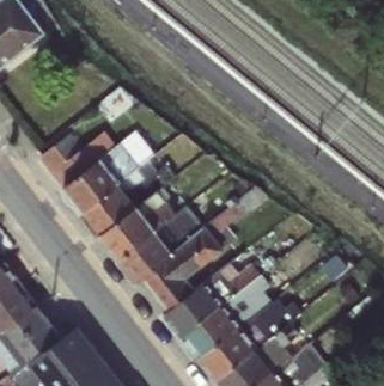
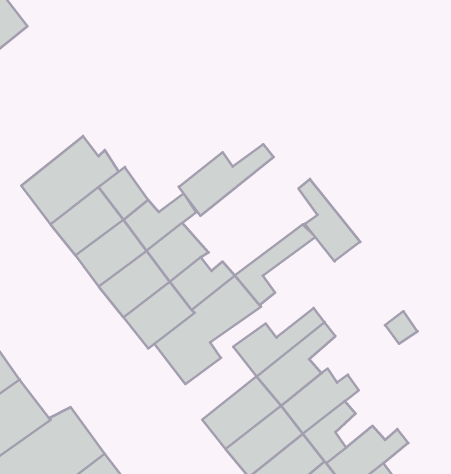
building: none -> [179,144,274,216]
building: none -> [299,179,360,261]
building: [161,282,220,338] -> none

